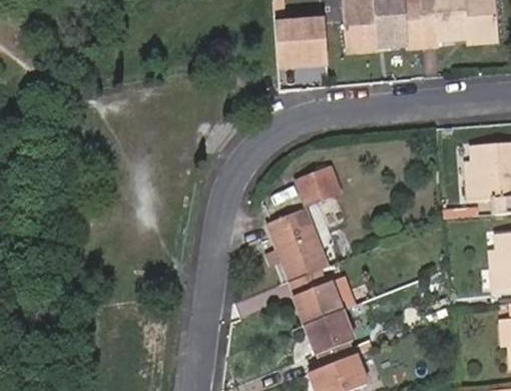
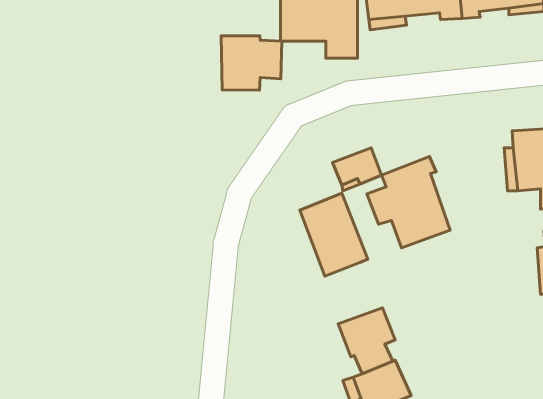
building: none -> [221,36,282,90]
building: none -> [367,157,450,248]
building: [297,263,348,317] -> none

